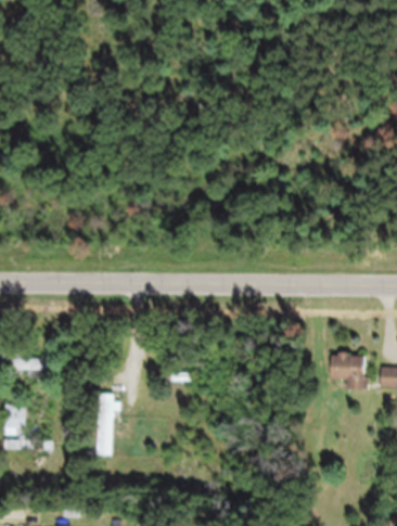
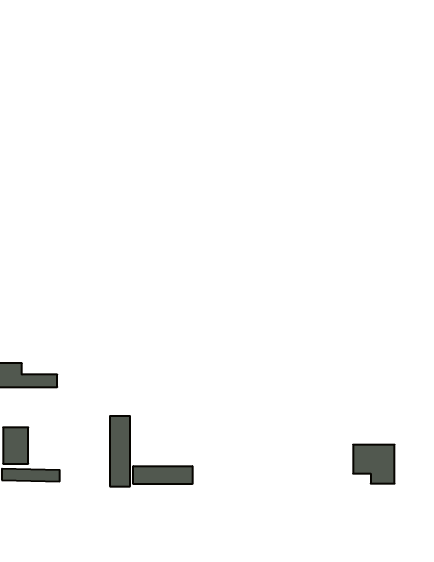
building: [330,355,366,388] -> [353,445,395,484]
building: none -> [133,466,192,484]

